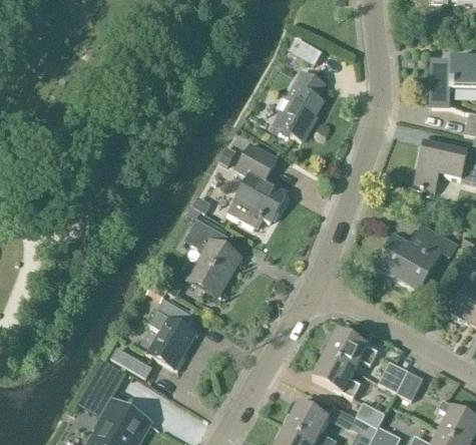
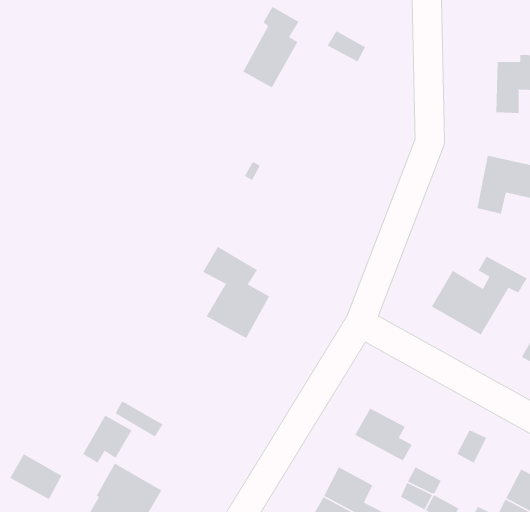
building: [277,70,325,139] -> [242,6,300,88]
building: [227,142,287,228] -> none
building: [147,298,198,370] -> none
building: [325,330,378,369] -> none
building: [379,361,408,392] -> none
building: none -> [9,453,63,500]

